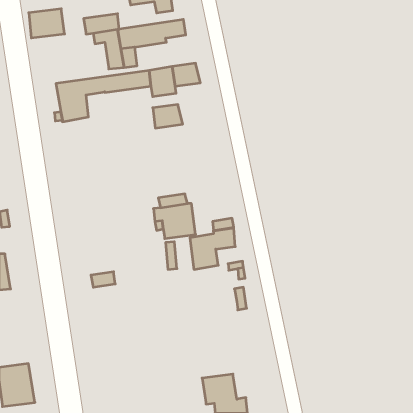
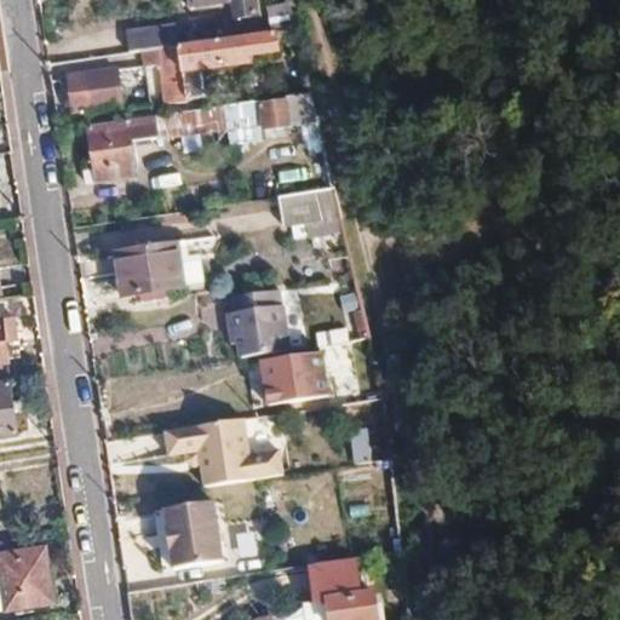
building: [29,9,65,38] -> [67,68,120,111]
building: [153,105,183,128] -> [277,190,322,225]
building: none -> [113,241,184,297]
building: none -> [184,415,302,483]
building: none -> [162,503,220,568]

